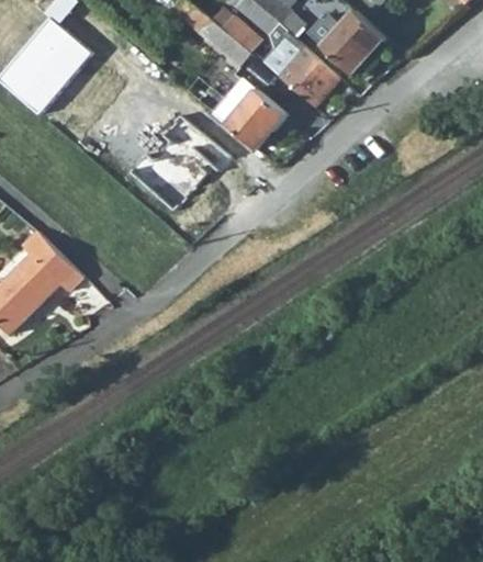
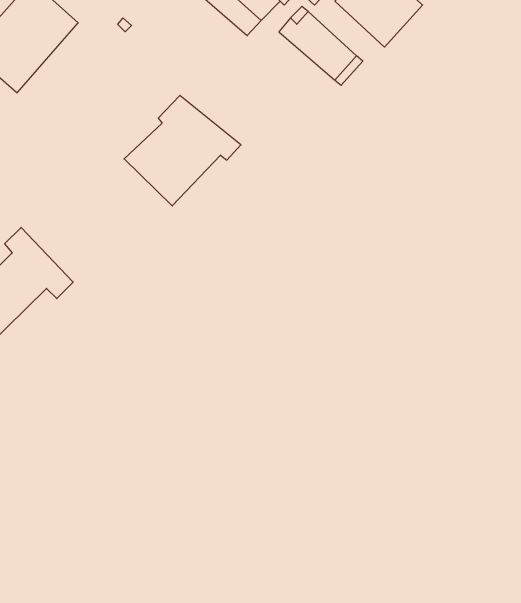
building: [215,81,287,149] -> none

